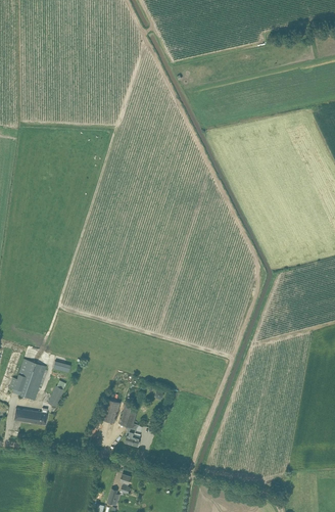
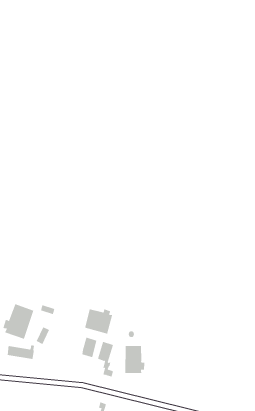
building: none -> [85,309,113,335]
building: none -> [125,345,145,374]

